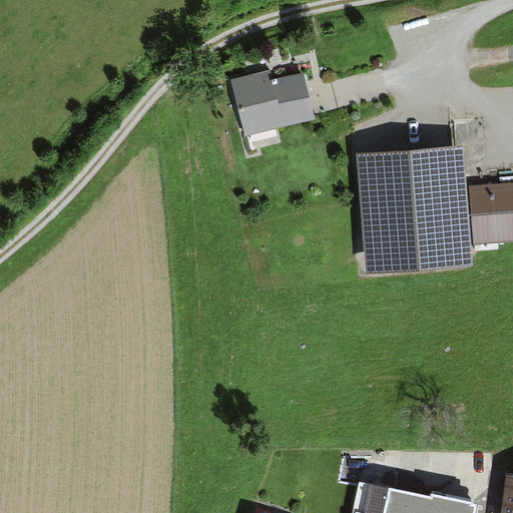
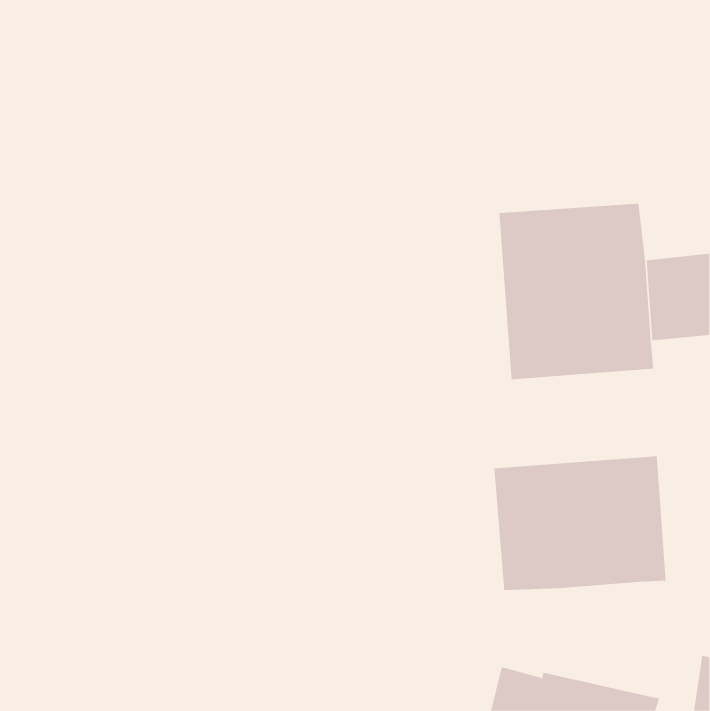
building: [228,69,316,136] -> none
building: none -> [494,456,666,591]

